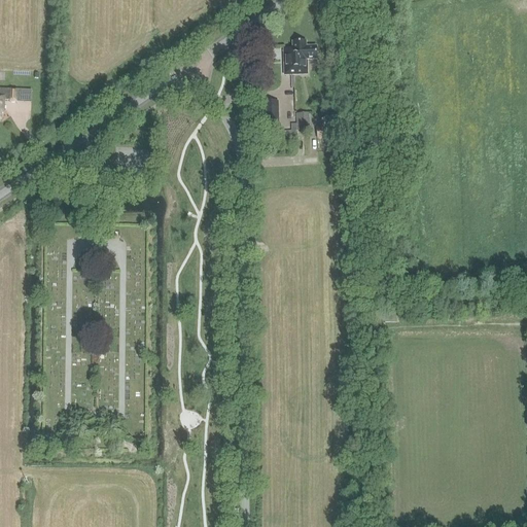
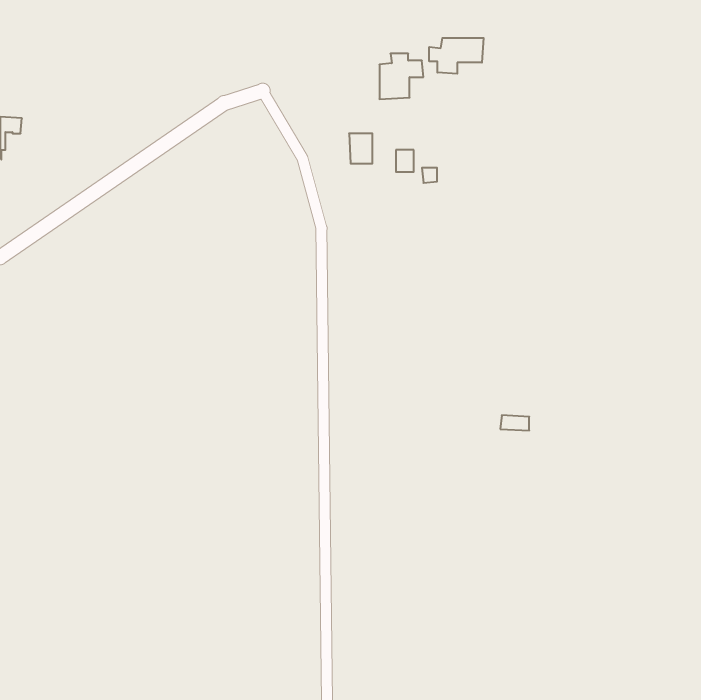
building: none -> [429,38,484,74]

